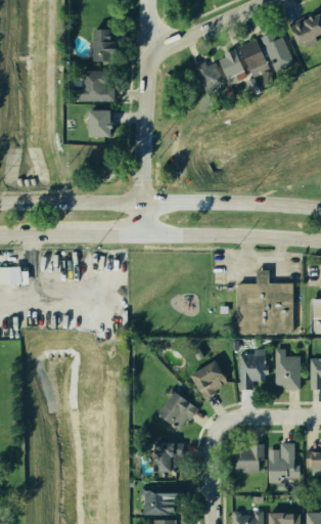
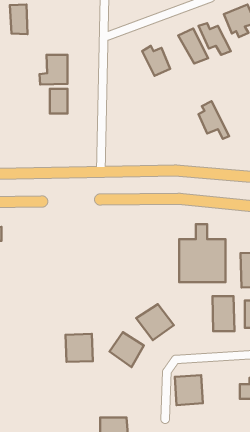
building: [89,26,109,60] -> [10,4,27,34]
building: [220,48,256,92] -> [198,101,229,139]
building: [238,351,271,392] -> none
building: [269,441,297,478] -> none
building: [144,442,176,475] -> [66,334,93,362]

